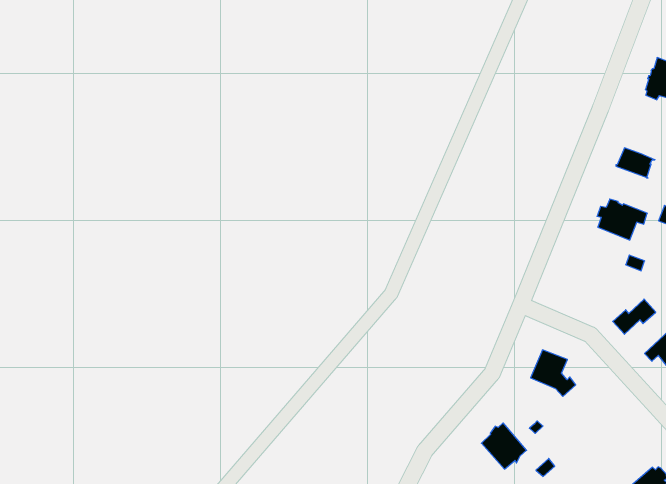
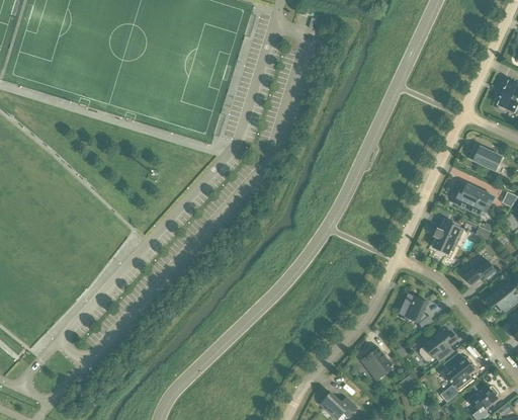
building: none -> [432,221,459,254]
building: none -> [420,330,457,361]
building: none -> [444,357,473,391]

